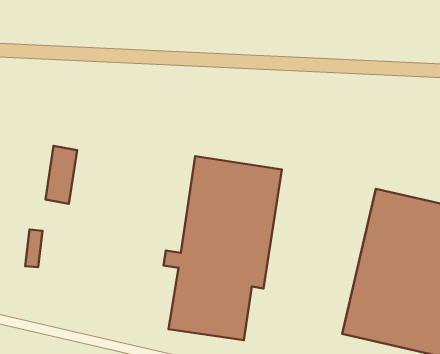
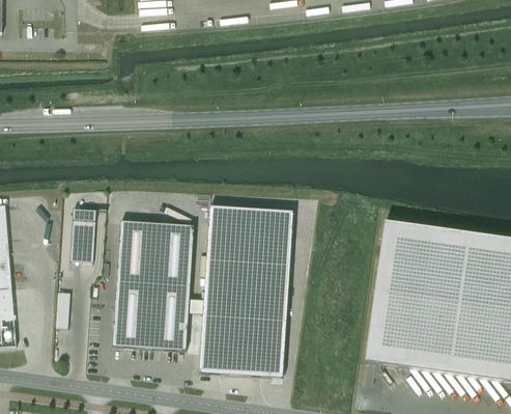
building: none -> [113,216,194,346]

